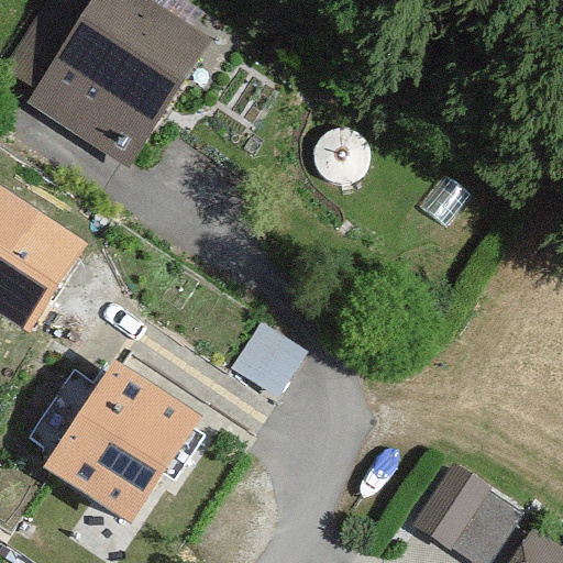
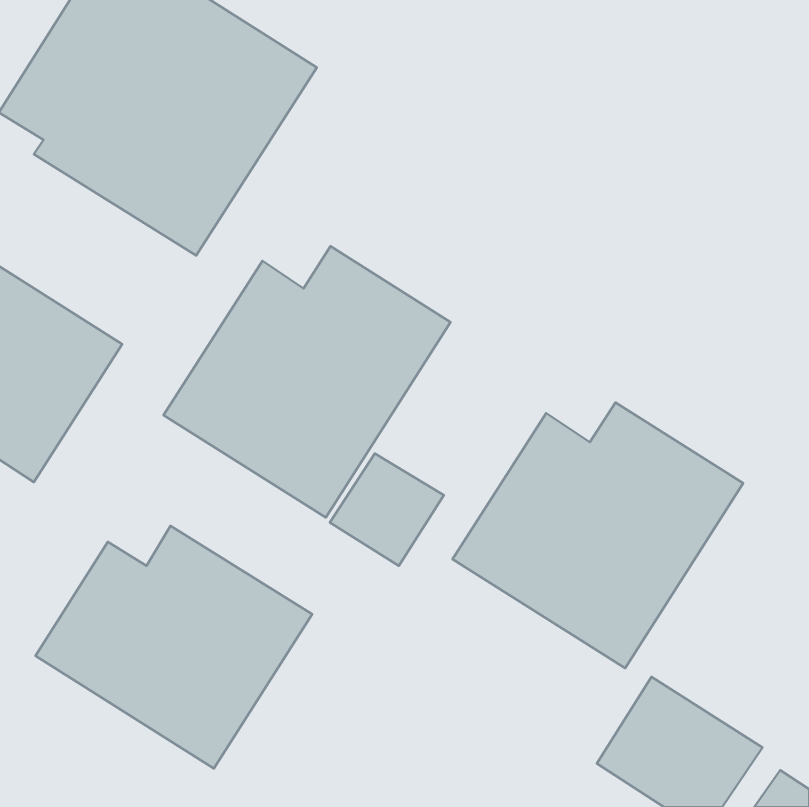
building: none -> [164,246,450,518]
building: none -> [452,402,743,668]

